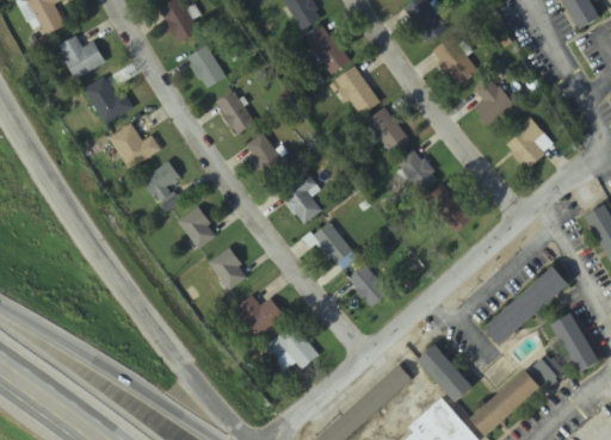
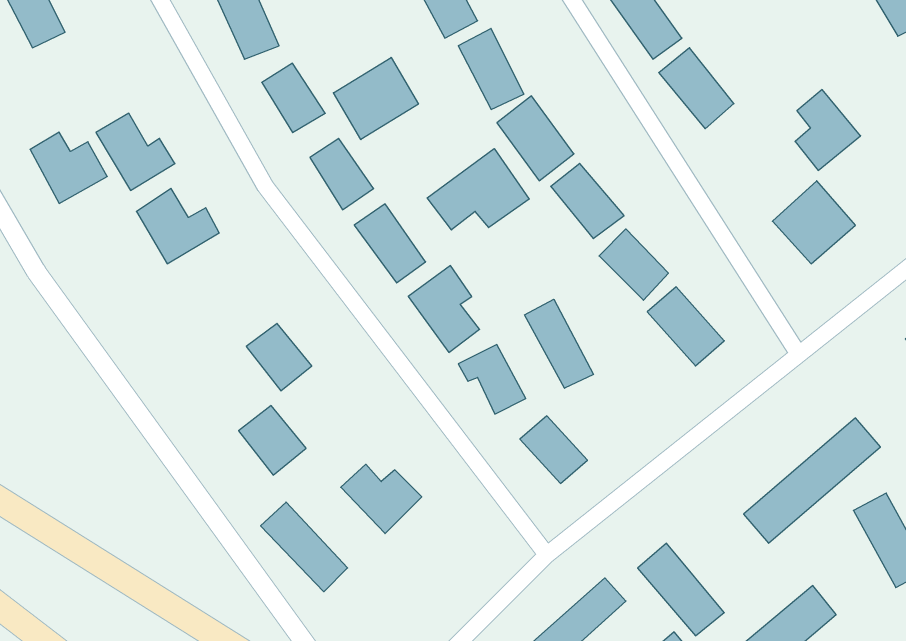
building: [57,35,105,79] -> [30,132,107,203]
building: none -> [333,57,418,140]
building: [473,75,513,125] -> [795,90,861,170]
building: none -> [427,149,529,230]
building: [142,161,179,211] -> none
building: none -> [525,299,593,388]
building: [208,246,249,289] -> [239,406,306,475]
building: none -> [261,502,348,592]
building: [264,323,316,368] -> none
building: [532,352,563,385] -> none

